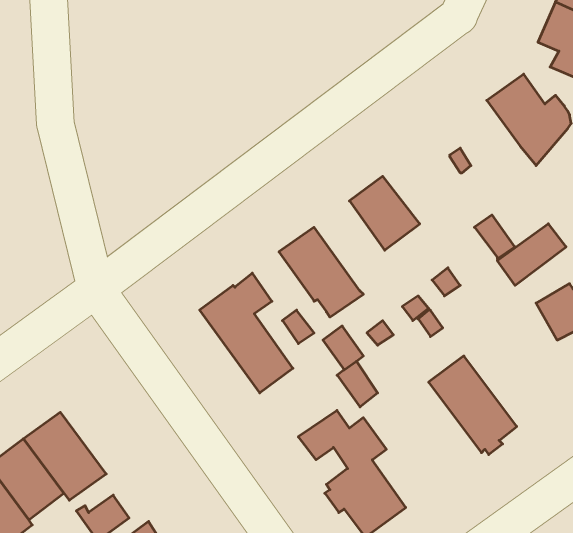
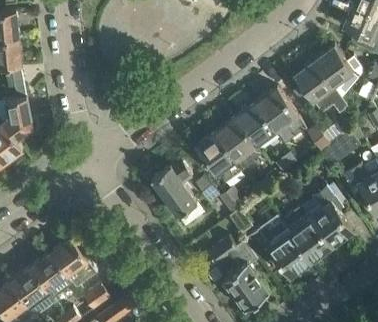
building: none -> [293,63,347,114]
building: none -> [254,90,305,139]
building: none -> [215,120,261,171]
building: none -> [300,190,351,249]
building: none -> [247,218,310,278]

